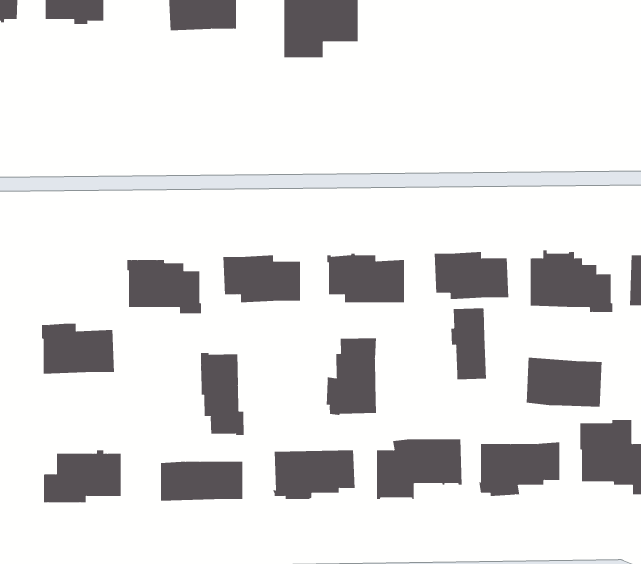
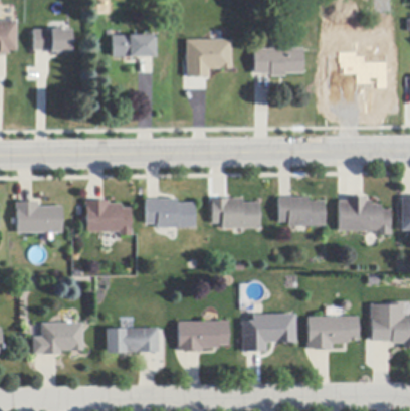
building: none -> [254,47,303,76]
building: [451,307,486,380] -> none
building: [41,323,115,374] -> [17,201,63,233]
building: [326,337,377,416] -> none
building: [200,352,244,436] -> none
building: [526,357,602,408] -> none

